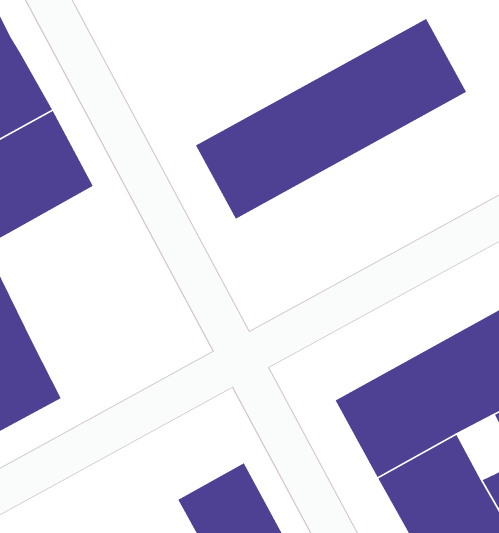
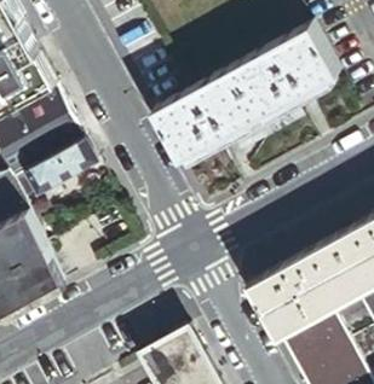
building: none -> [23,142,94,198]

